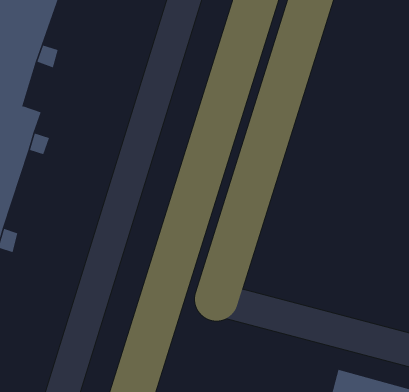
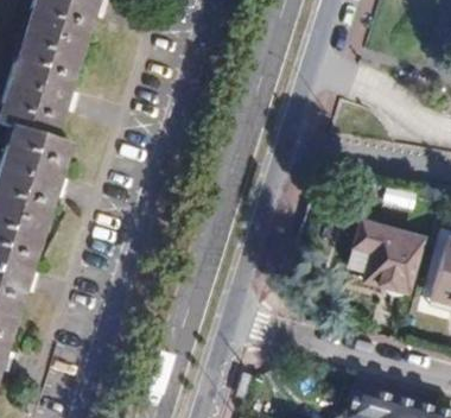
building: none -> [350,228,419,294]

